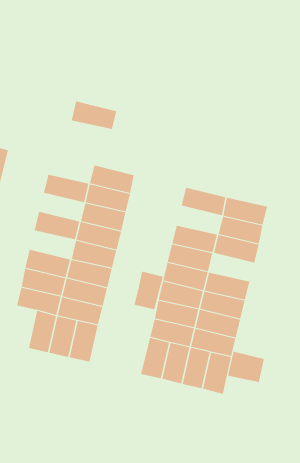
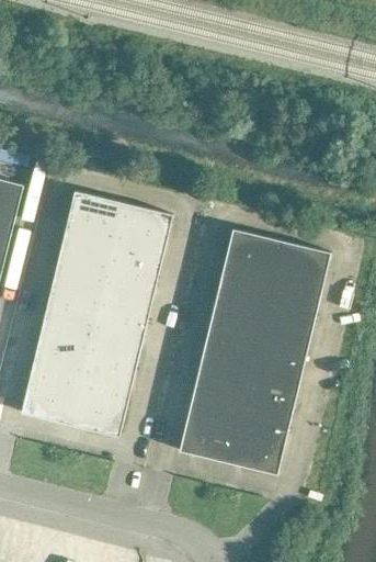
building: [71,101,117,130] -> [68,191,123,225]
building: none -> [57,236,112,270]
building: none -> [220,251,275,285]
building: none -> [46,281,101,315]
building: none -> [259,307,314,341]
building: [134,271,163,310] -> none
building: none -> [20,370,55,420]
building: [228,351,264,383] -> none

